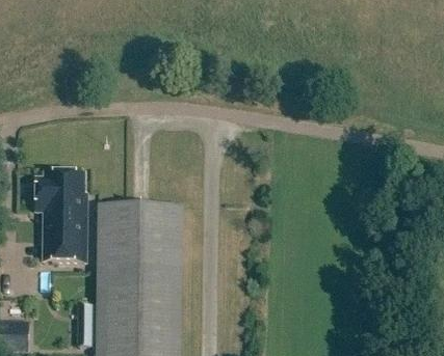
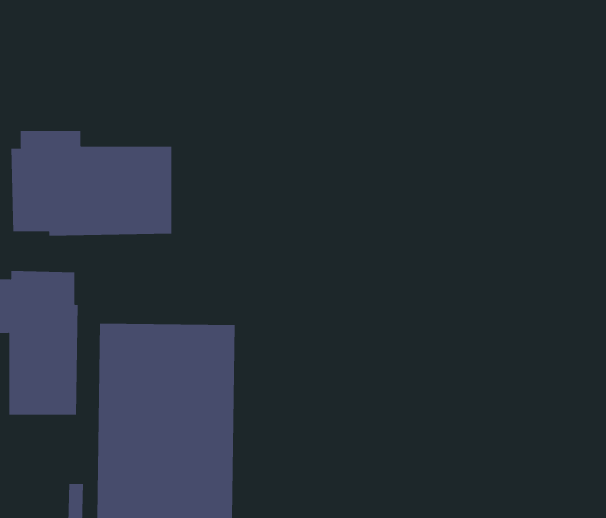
building: none -> [11,130,172,236]

